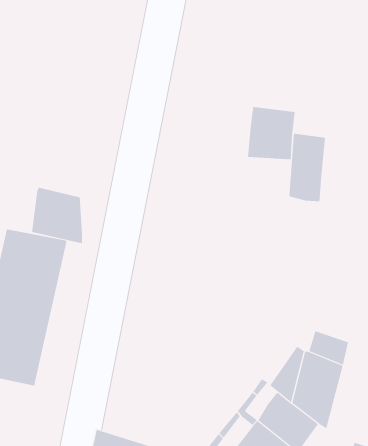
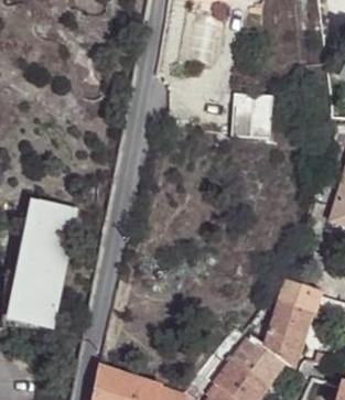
building: [289,133,326,202] -> none
building: [32,187,83,244] -> none

